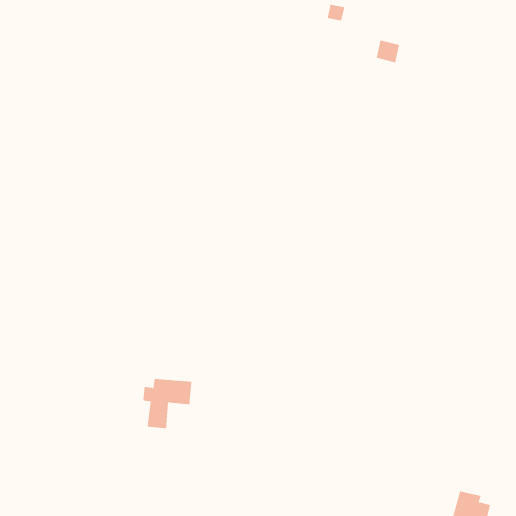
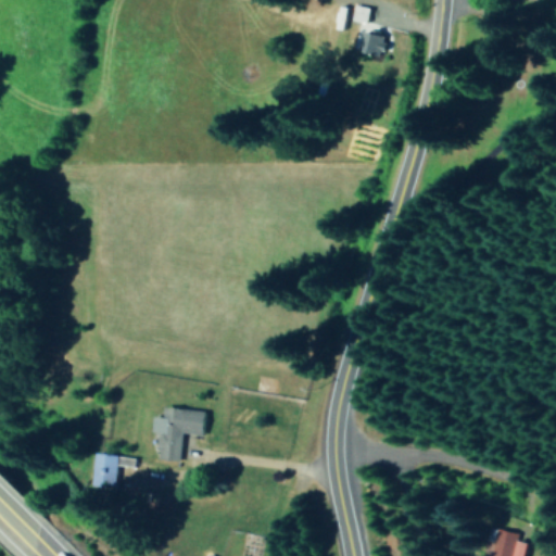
building: [376,40,400,63] -> [361,31,387,56]
building: none -> [92,453,119,489]

